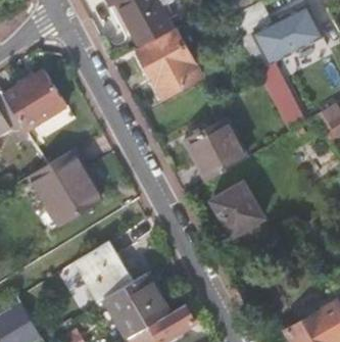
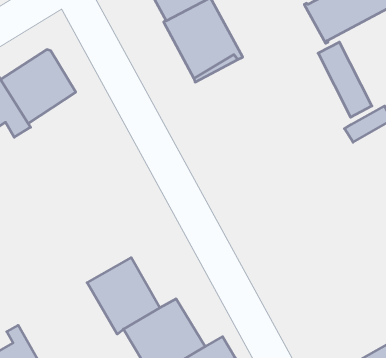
building: [184,120,245,182] -> none
building: [31,150,102,225] -> none
building: [211,183,263,236] -> none

